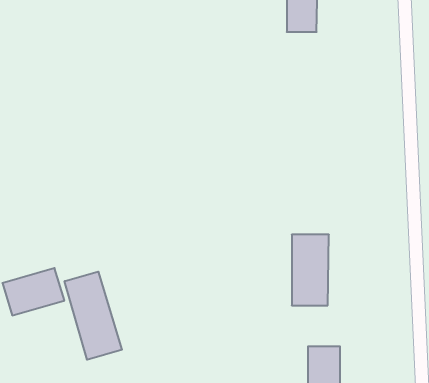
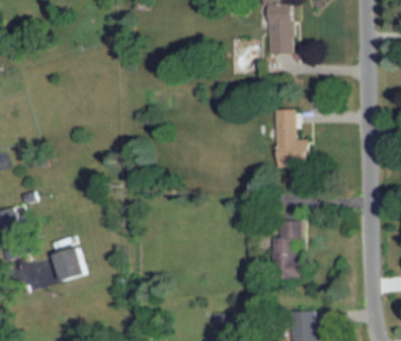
building: none -> [275,109,307,165]
building: [65,272,122,360] -> none

